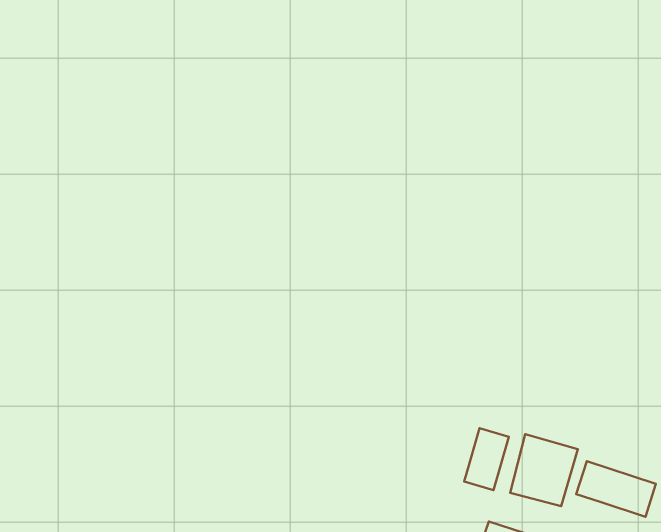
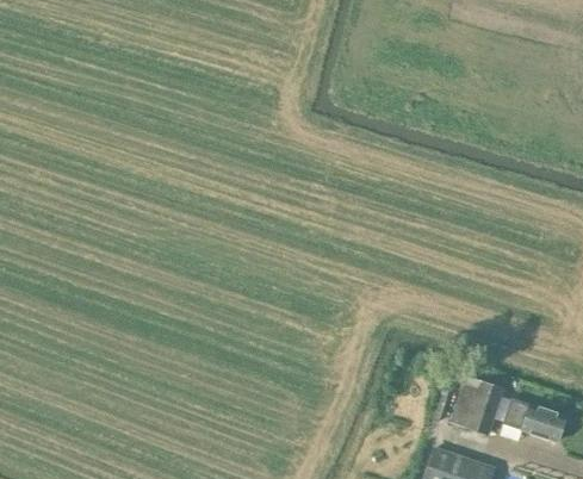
building: [464,428,509,490] -> none

